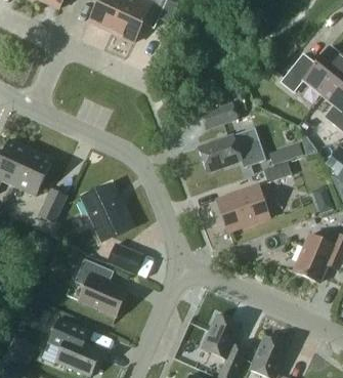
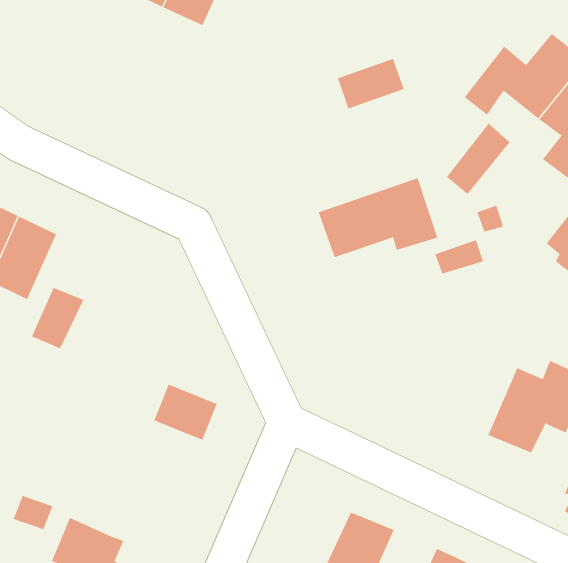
building: none -> [446,123,510,195]
building: [200,101,238,130] -> [337,58,405,109]
building: [80,183,134,241] -> none
building: [216,185,268,232] -> none
building: [74,258,126,316] -> none

